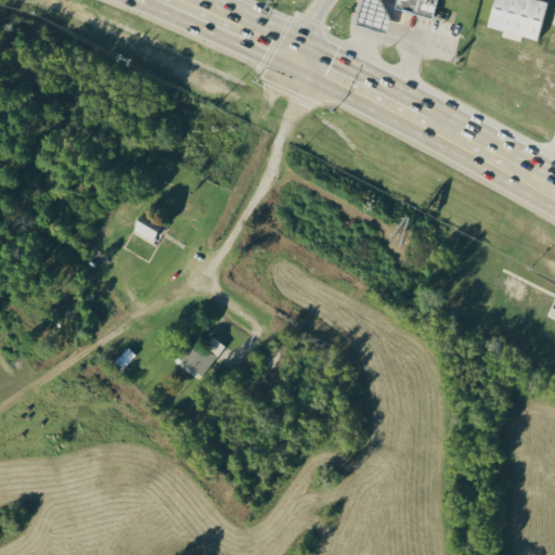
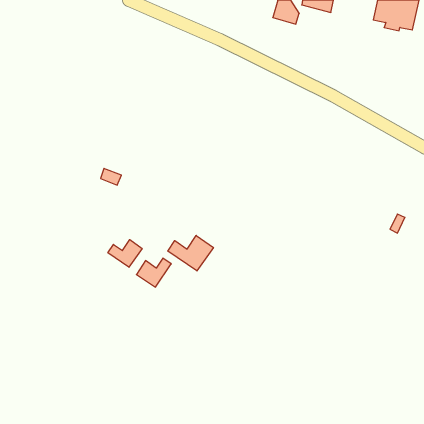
building: none -> [168,235,213,271]
building: none -> [108,240,142,267]

